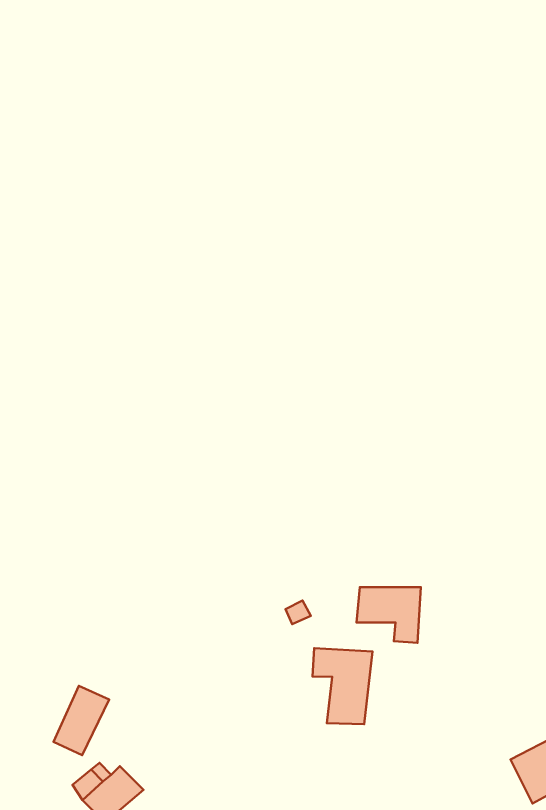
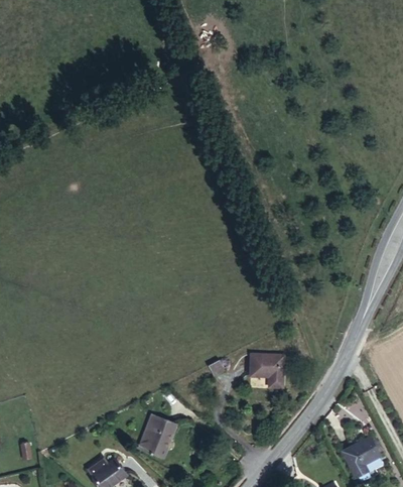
building: [313,648,372,724] -> none
building: [53,686,109,755] -> [141,419,174,461]

